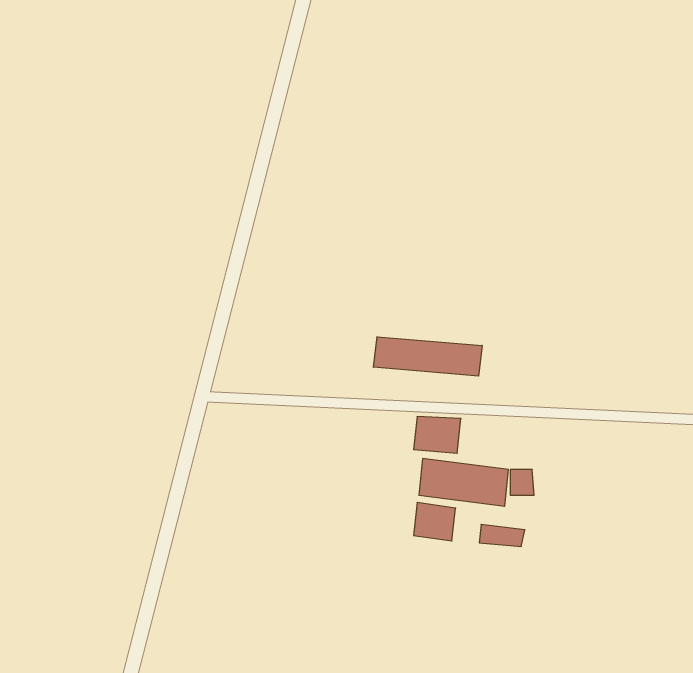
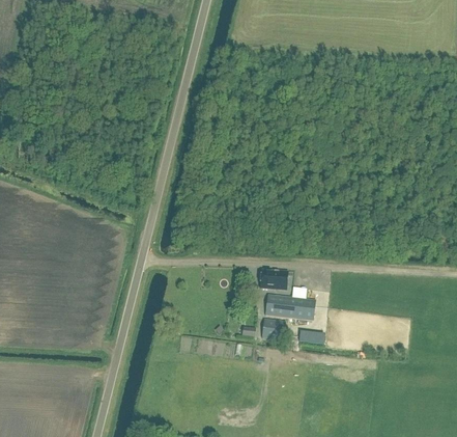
building: [373,337,482,376] -> none

